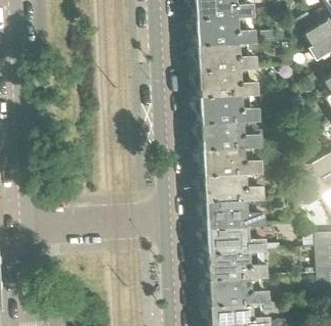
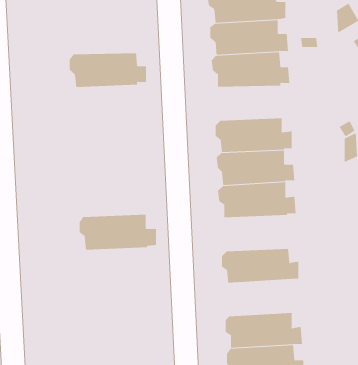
building: [195,71,257,98] -> [69,53,147,88]
building: [200,174,262,202] -> [79,214,157,250]
building: [202,225,265,254] -> none

